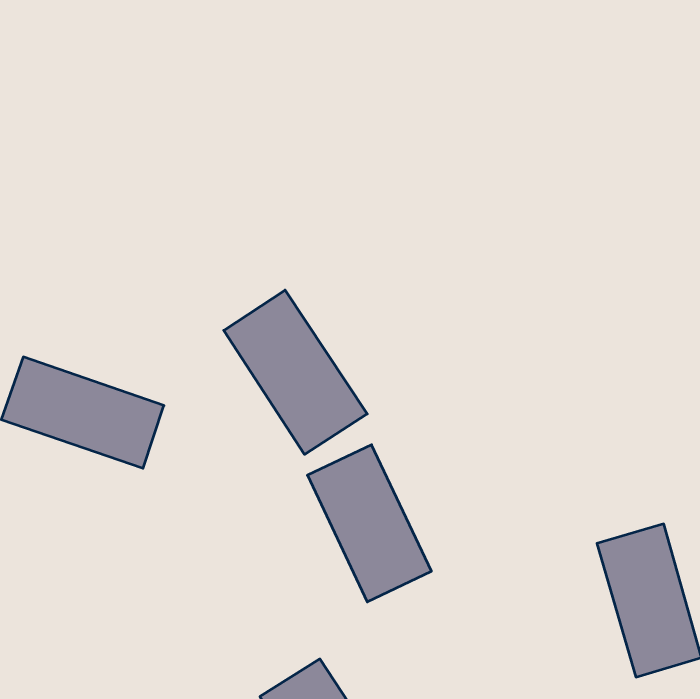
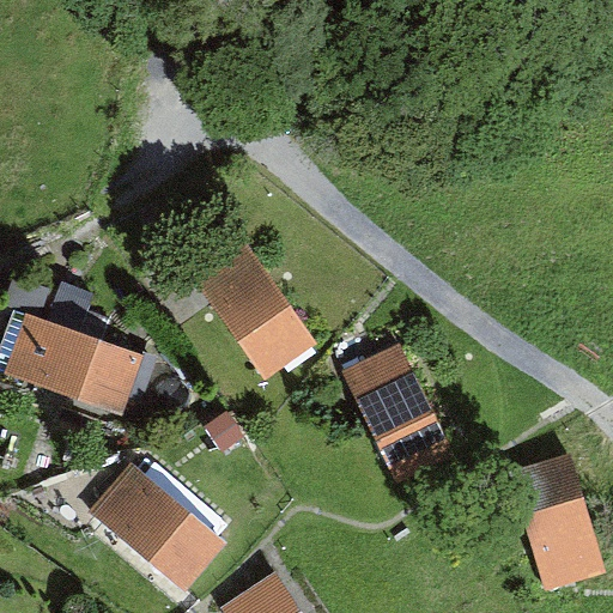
building: [307,445,431,602] -> [346,345,453,480]
building: none -> [89,461,221,584]

